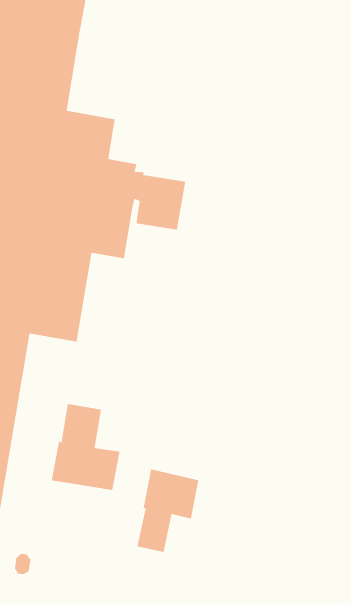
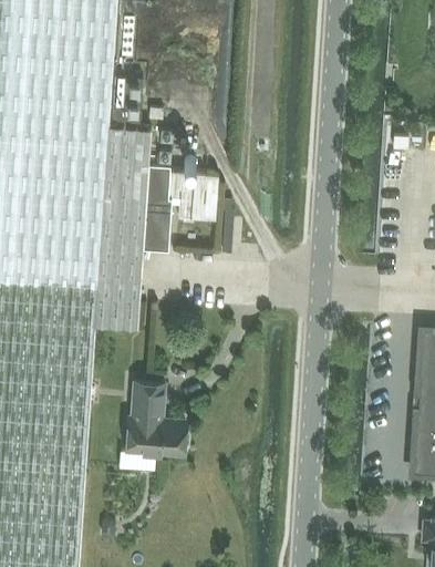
building: [137,469,199,553] -> none

